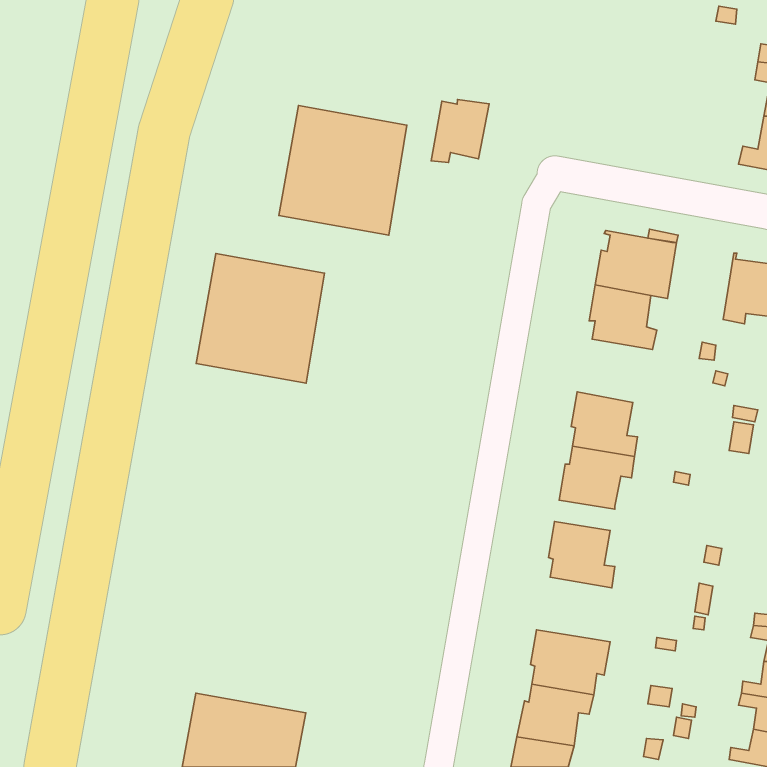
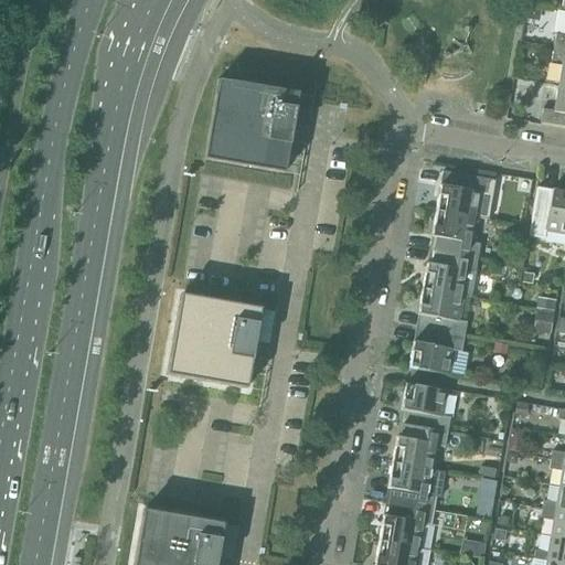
building: [431,100,489,163] -> none
building: [196,253,324,383] -> [169,292,263,387]
building: none -> [425,248,480,296]
building: none -> [395,423,450,468]

